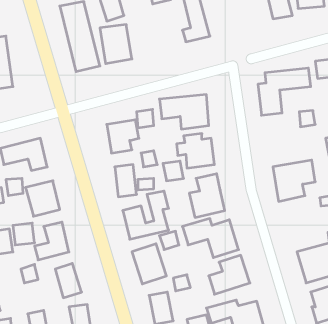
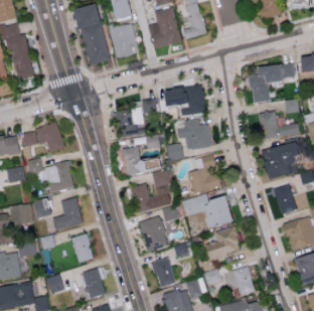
building: none -> [149,7,181,48]
building: none -> [258,111,300,141]
building: none -> [273,183,298,215]

